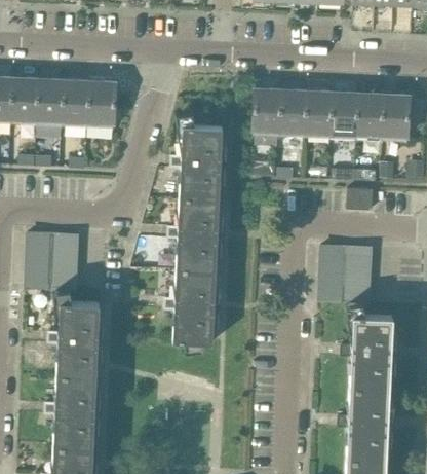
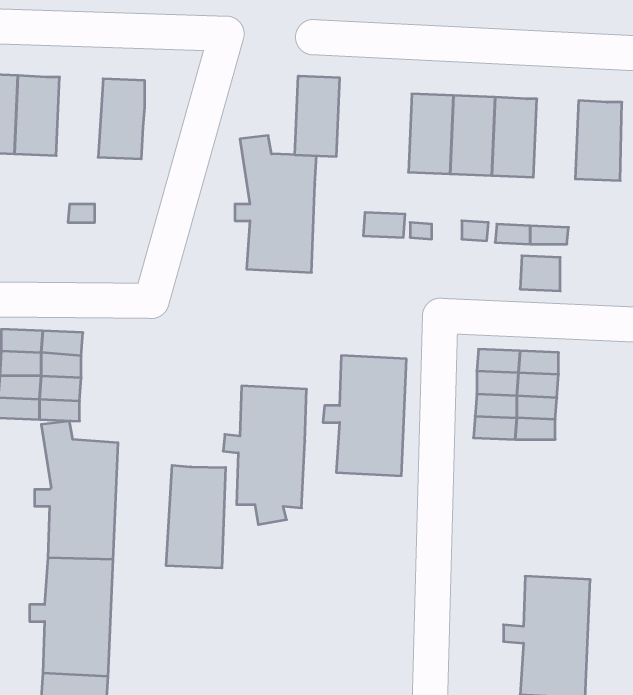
building: [63,77,91,126] -> none
building: [254,86,281,136] -> [295,76,340,156]
building: [356,90,384,140] -> none
building: [168,195,220,269] -> [323,356,406,476]
building: [341,302,394,387] -> none
building: none -> [166,465,226,568]

